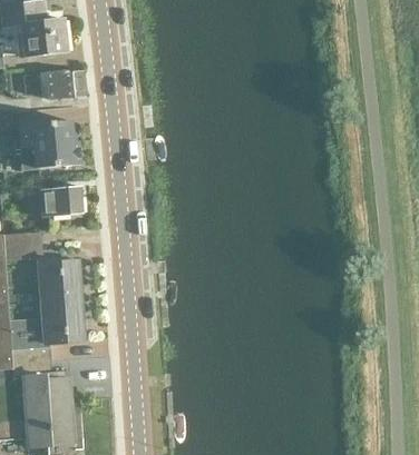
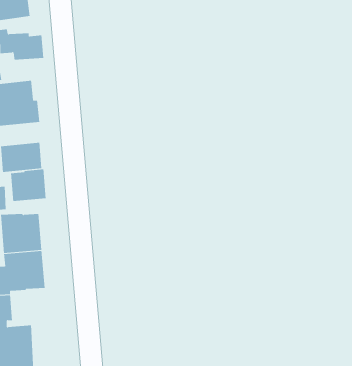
building: none -> [10,168,46,202]

